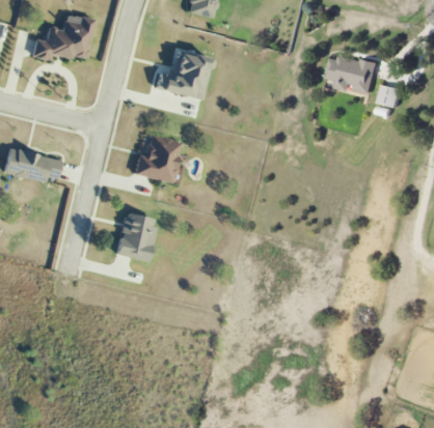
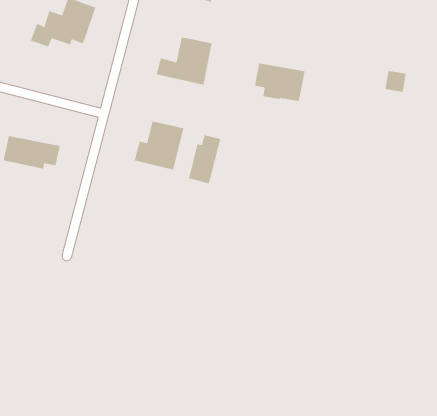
building: [327,54,378,92] -> [254,63,306,102]
building: none -> [188,135,221,184]
building: [116,211,155,261] -> none

